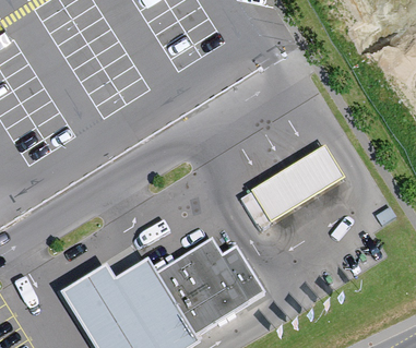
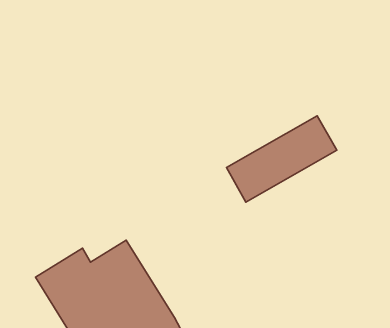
building: [158,240,264,333] -> none

